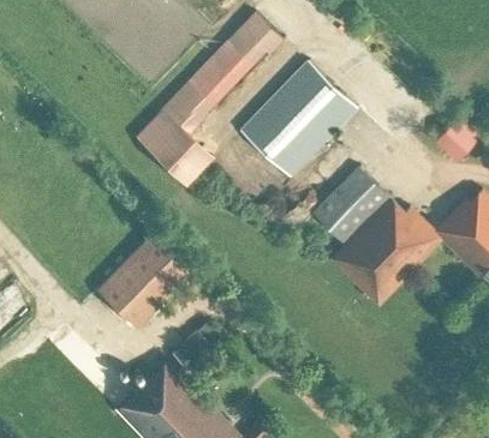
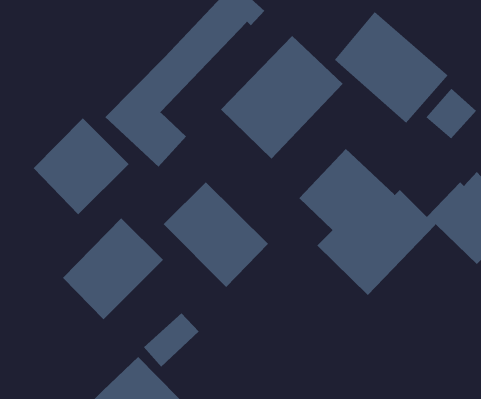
building: none -> [334,11,448,124]
building: none -> [33,117,129,215]
building: none -> [163,181,269,288]

